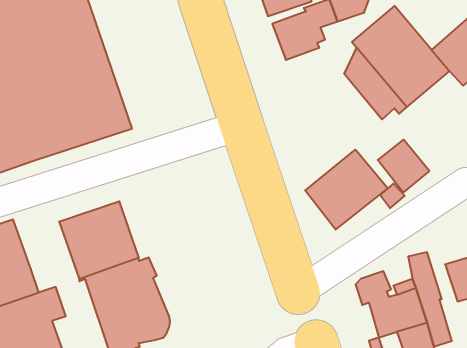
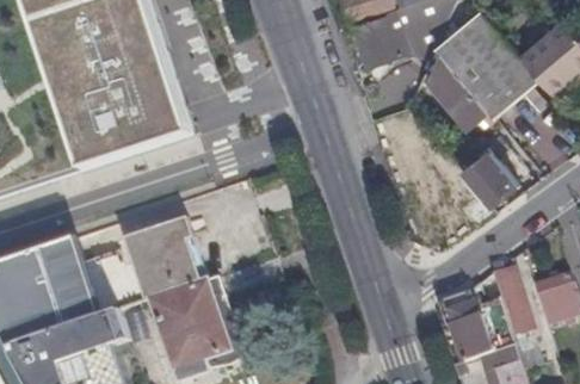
building: [305,150,388,230] -> none

